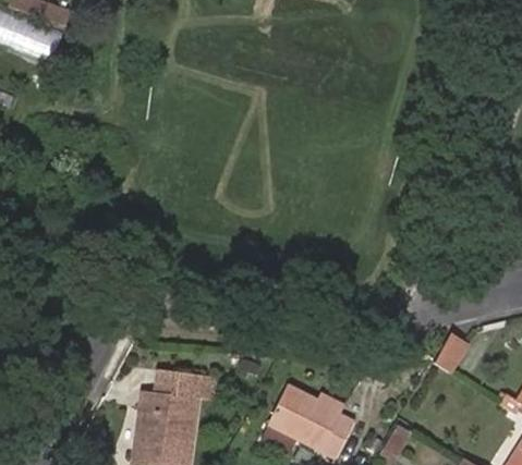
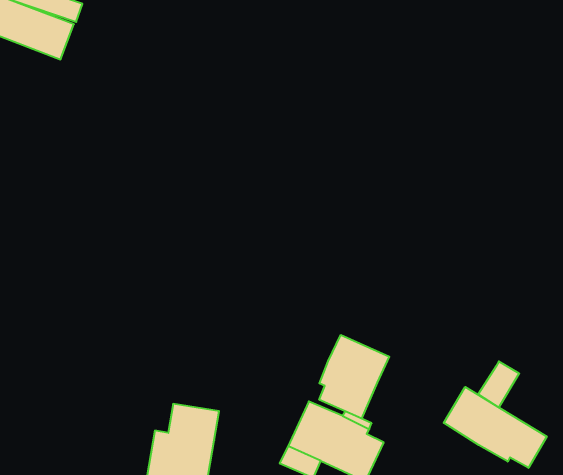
building: none -> [319,335,389,418]
building: none -> [444,387,547,468]

